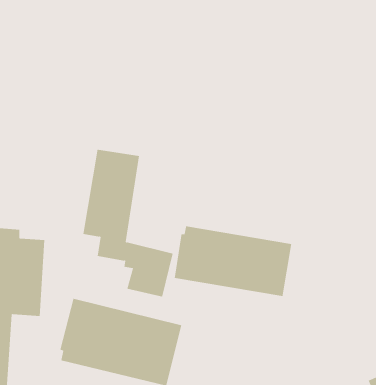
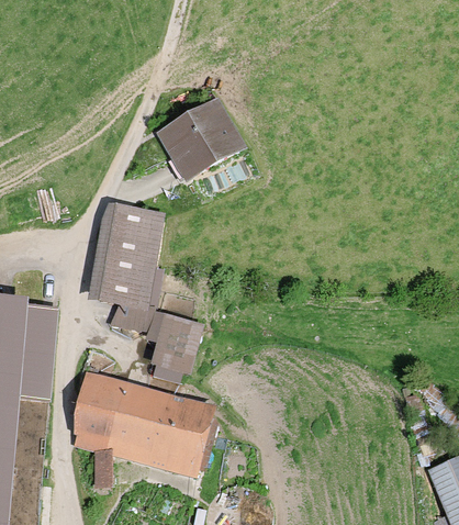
building: none -> [158,98,246,181]
building: [174,226,292,297] -> none

